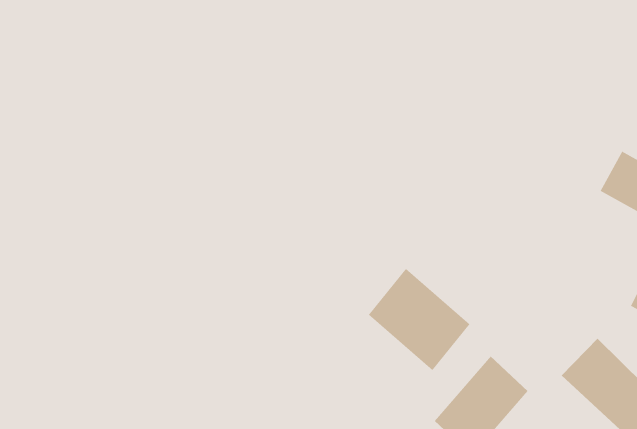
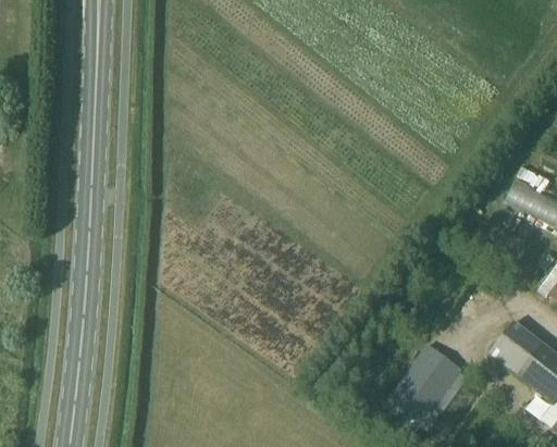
building: [368,268,471,371] -> none

